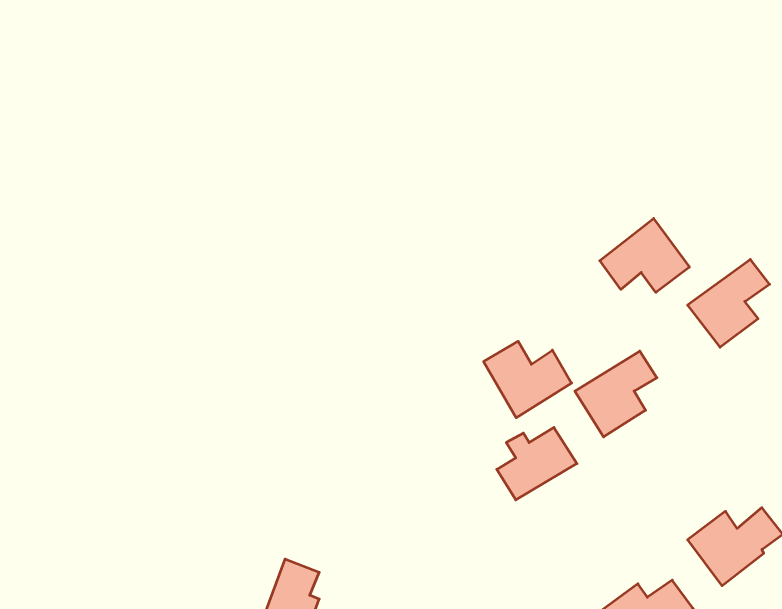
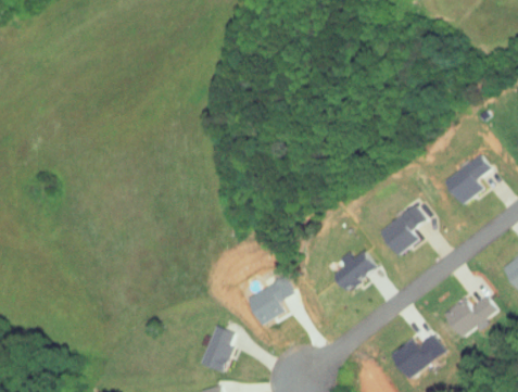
building: [600,218,689,292] -> none
building: [484,341,572,418] -> none
building: none -> [245,278,292,325]

